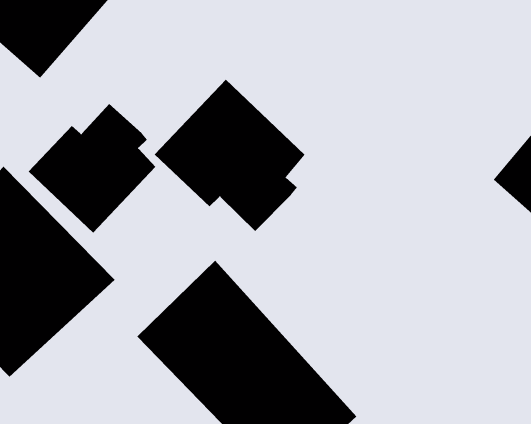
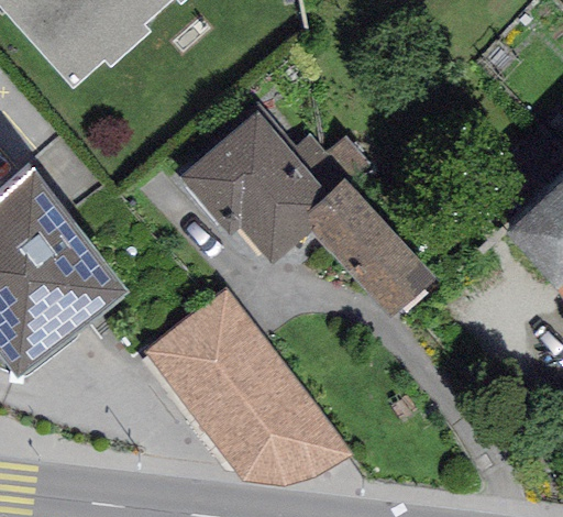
building: [28,103,156,234] -> none
building: none -> [306,176,438,318]

